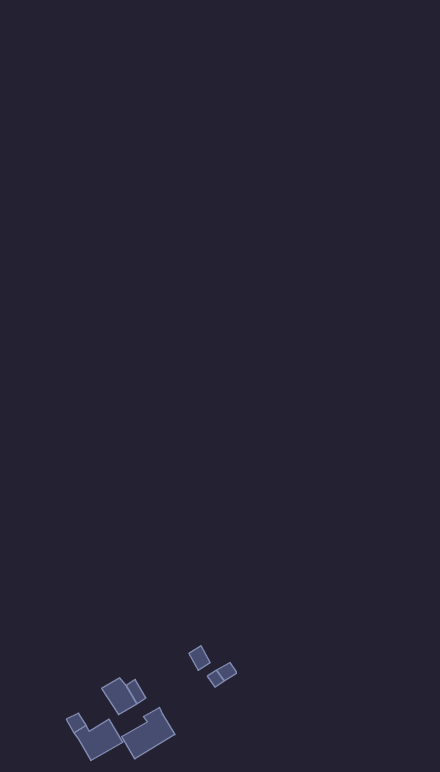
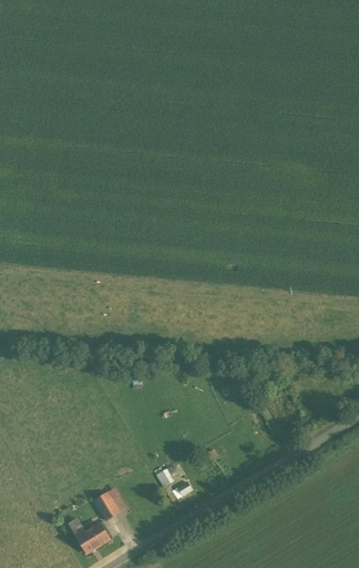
building: [122,707,175,759] -> none

